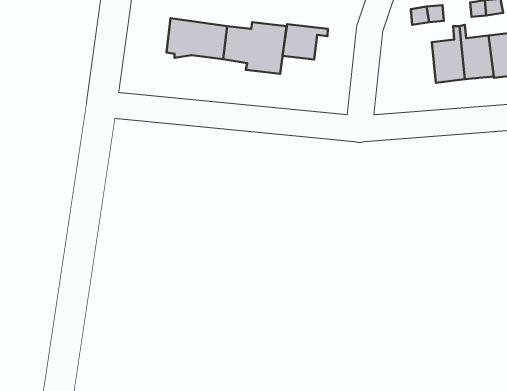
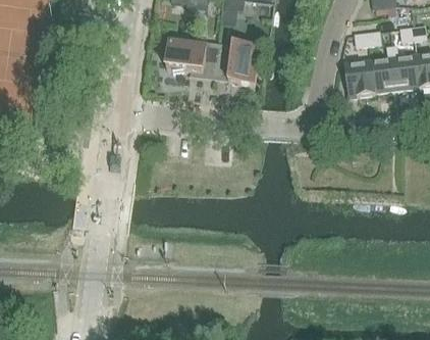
building: [283,24,328,59] -> none
building: none -> [344,60,374,97]

